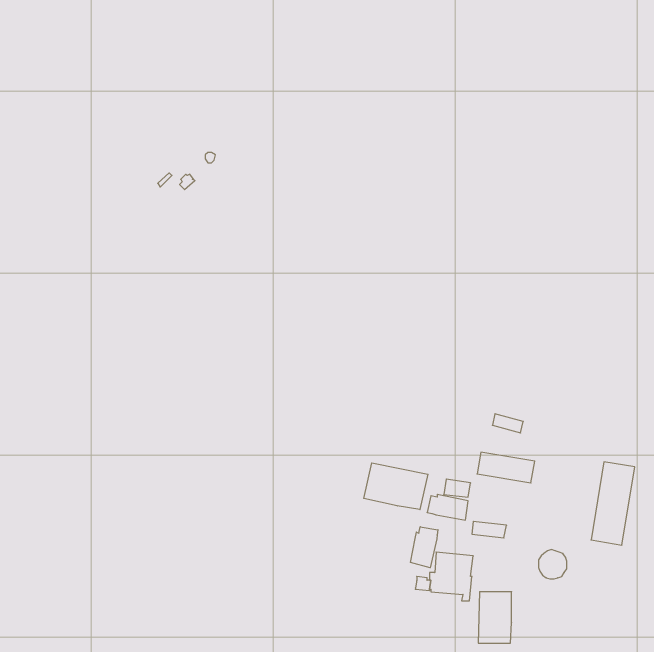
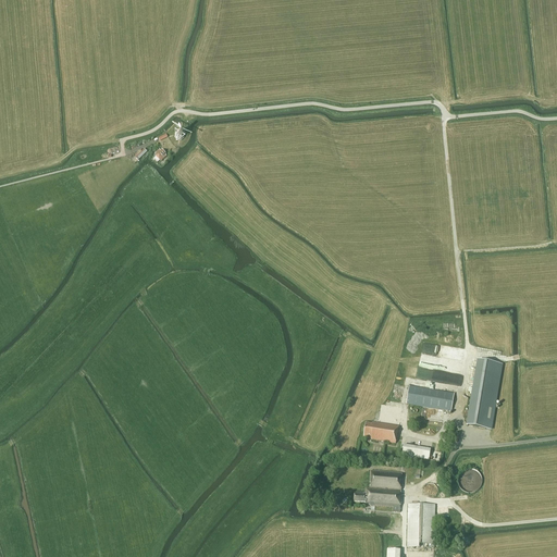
building: [591,462,635,545] -> [466,358,503,429]
building: [364,463,428,510] -> none
building: [411,527,438,568] -> none

